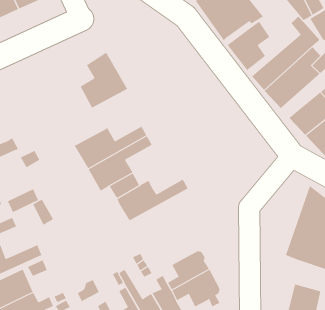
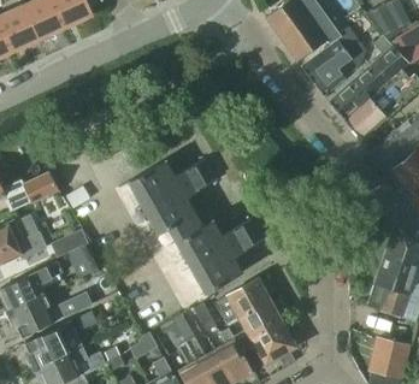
building: [80,52,128,109] -> none
building: none -> [190,229,264,293]
building: none -> [216,278,270,323]

